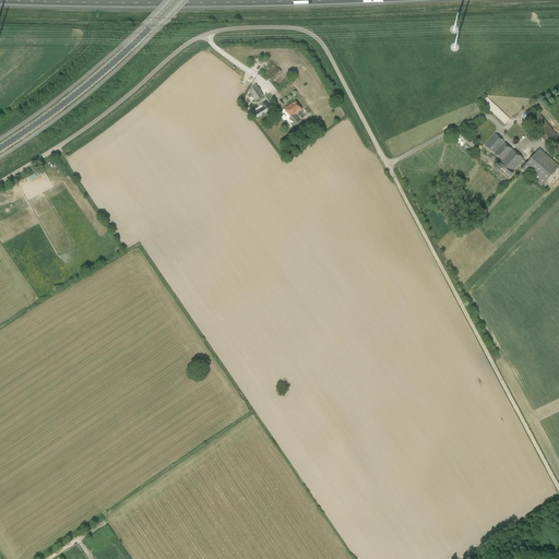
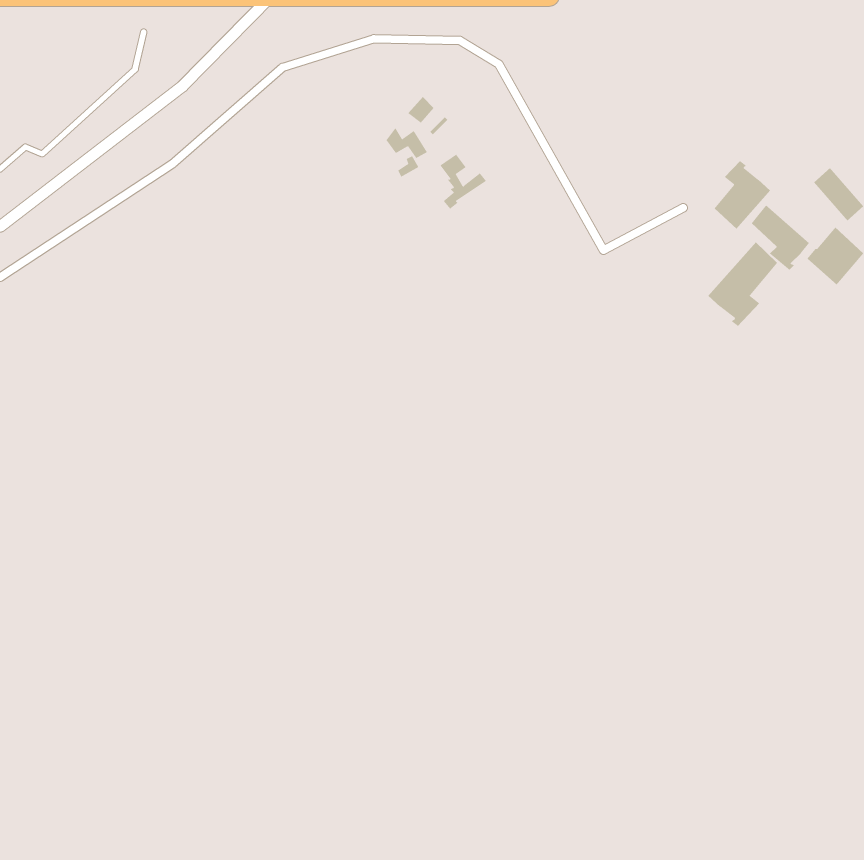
building: none -> [714,160,771,230]
building: none -> [708,241,778,327]

